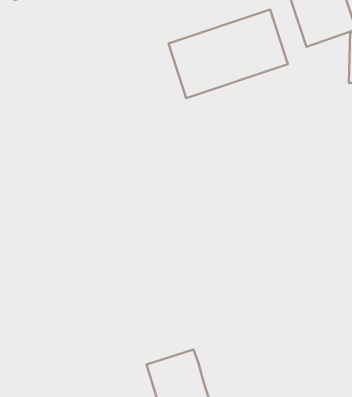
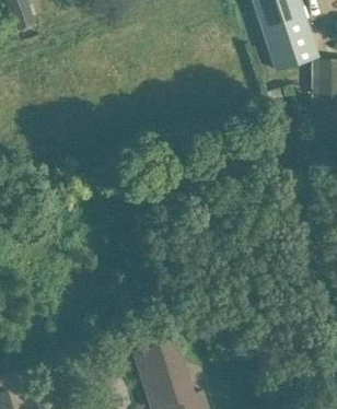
building: [169,10,288,98] -> none

